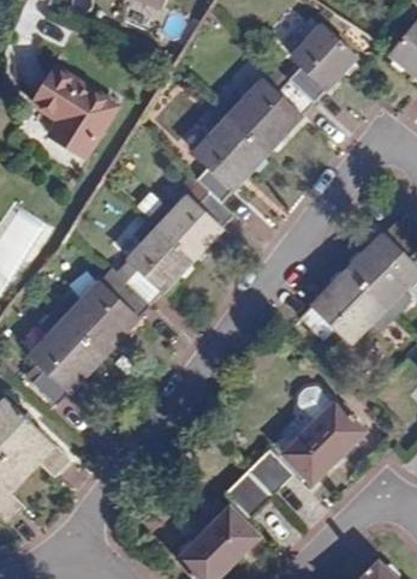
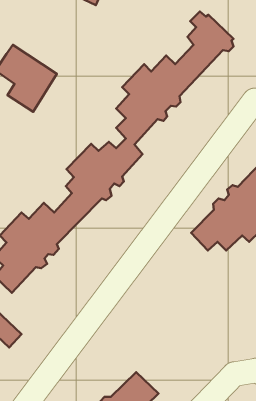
building: [280,388,359,484] -> none
building: [220,448,290,519] -> none

